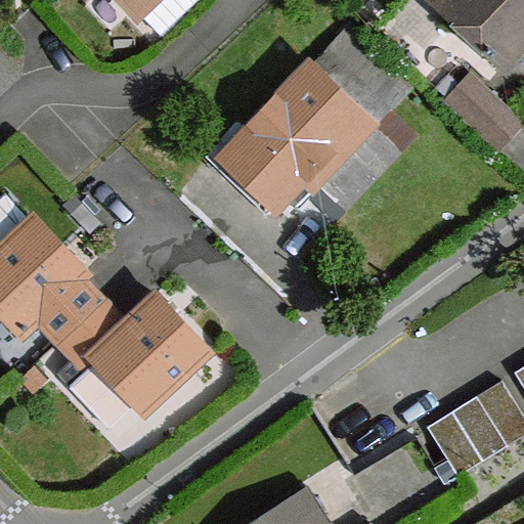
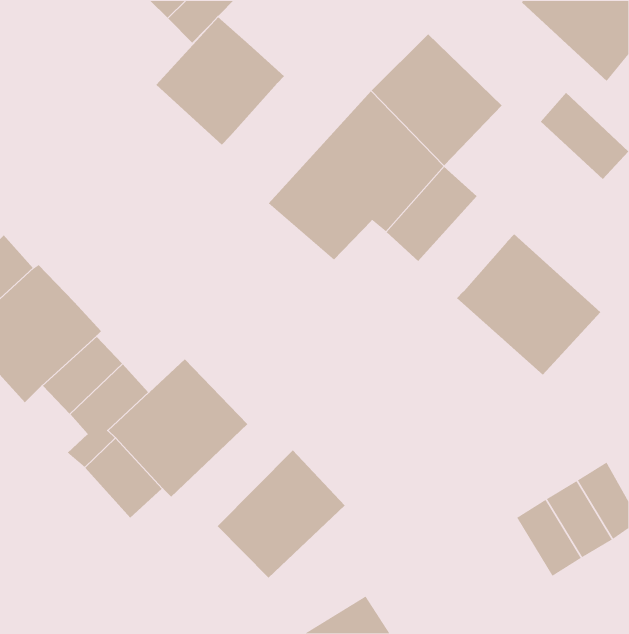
building: none -> [155,17,285,146]
building: none -> [456,234,601,375]
building: none -> [217,450,345,578]

